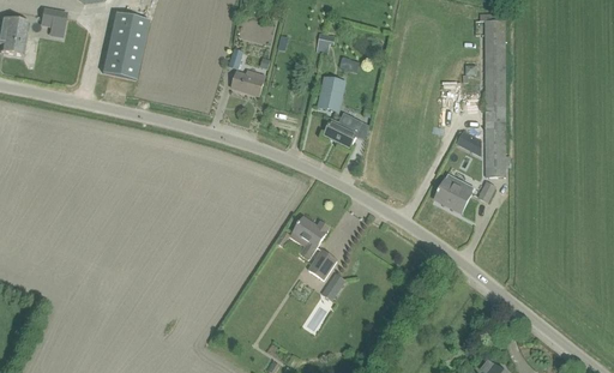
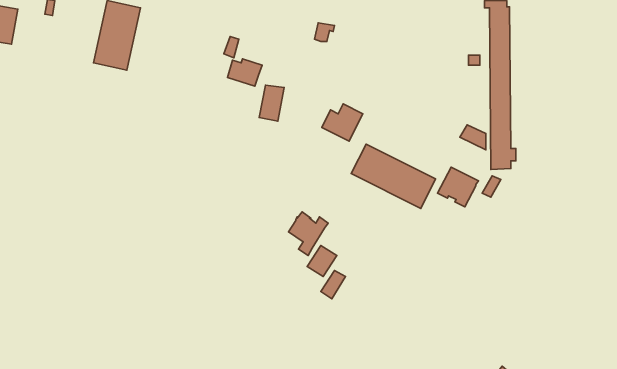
building: [317,76,341,110] -> [259,85,284,121]
building: none -> [351,144,436,208]

